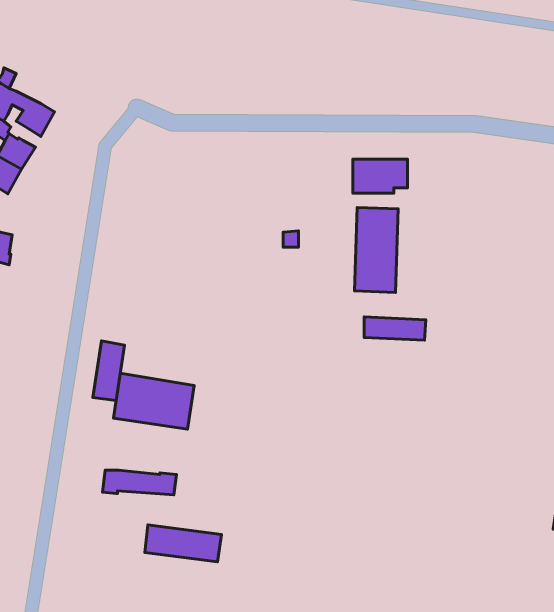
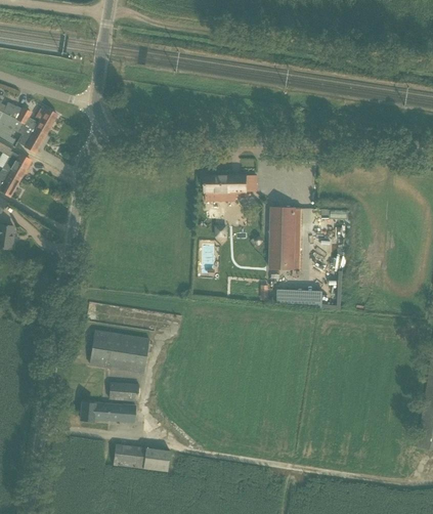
building: none -> [16,108,57,134]
building: [353,159,408,193] -> [205,175,246,201]
building: [93,341,124,401] -> none
building: none -> [109,382,138,400]

